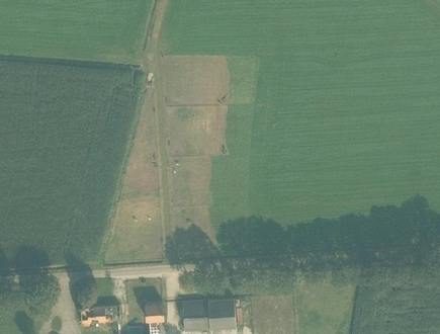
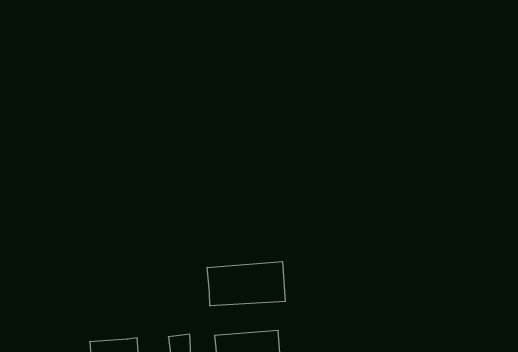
building: none -> [207,262,285,306]

